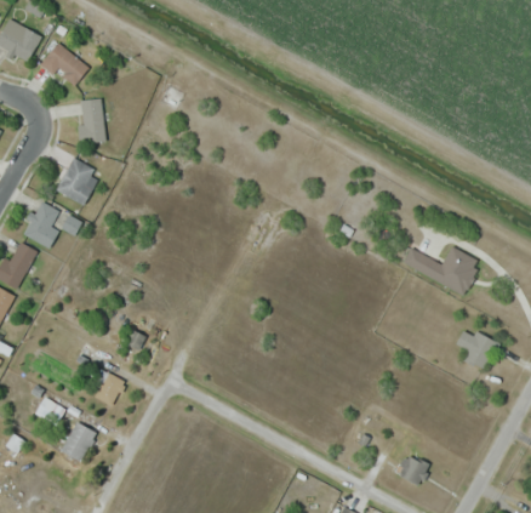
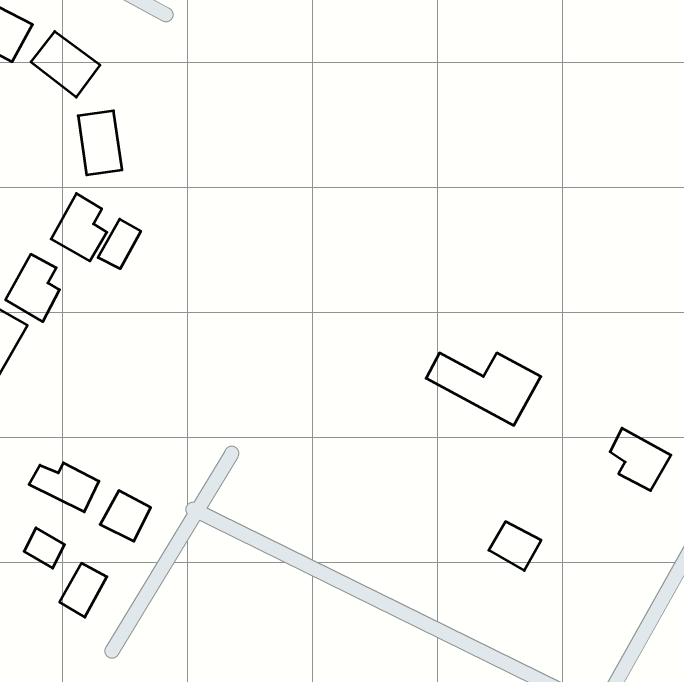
building: none -> [98,219,141,269]
building: [400,246,483,298] -> [426,353,541,425]
building: none -> [29,463,99,512]
building: [394,454,432,489] -> [489,522,541,571]

